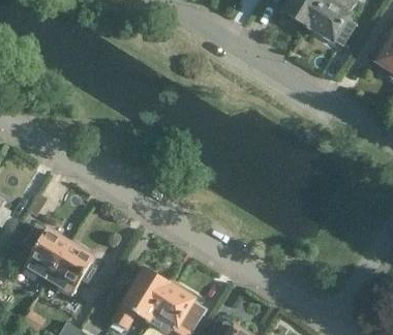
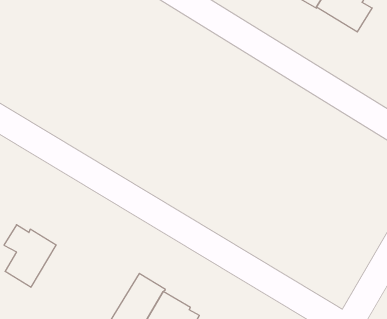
building: [48,242,101,295] -> none

